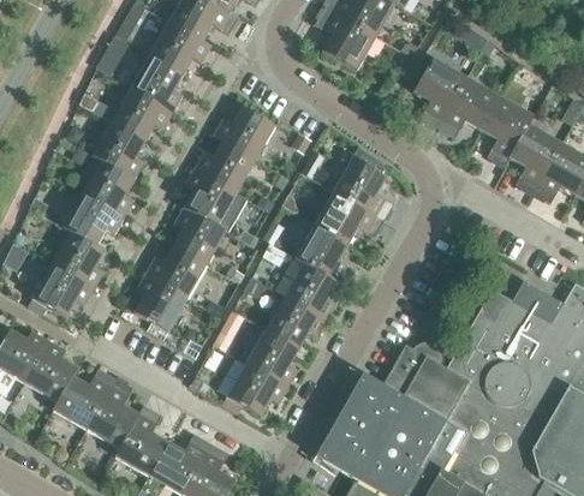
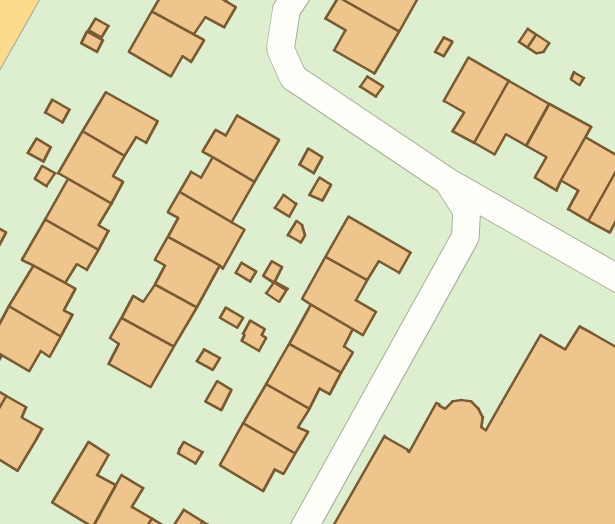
building: [131,53,185,110] -> none
building: [333,156,394,220] -> none
building: [53,367,117,428] -> none

